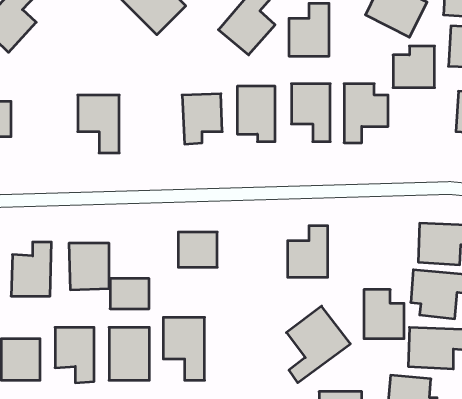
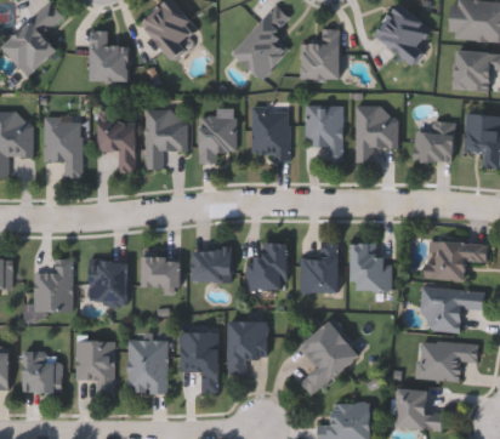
building: none -> [90,30,127,82]
building: [393,46,435,88] -> [414,121,454,161]
building: none -> [144,112,188,170]
building: none -> [44,118,81,177]
building: none -> [246,241,288,289]
building: [110,279,149,309] -> [143,257,181,286]
building: [364,290,404,339] -> [351,243,390,290]
building: none -> [229,321,267,374]

